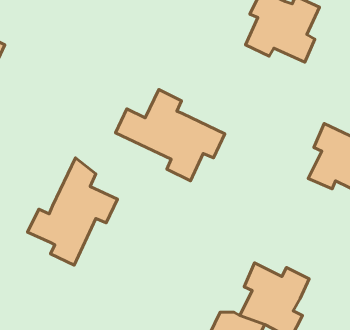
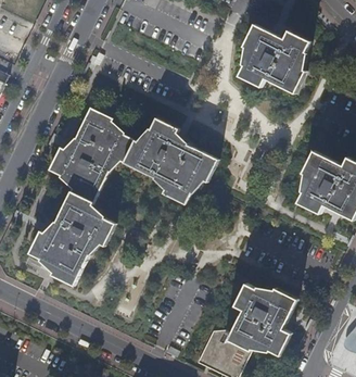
building: none -> [48,108,124,198]

